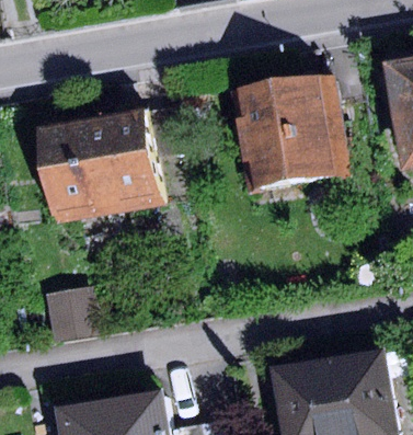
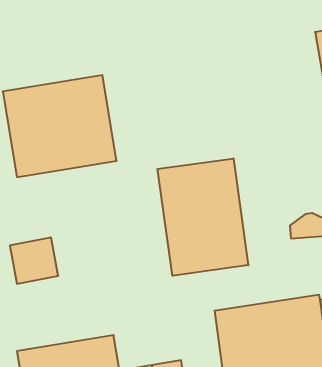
building: [234,79,349,188] -> none
building: none -> [158,158,248,276]

